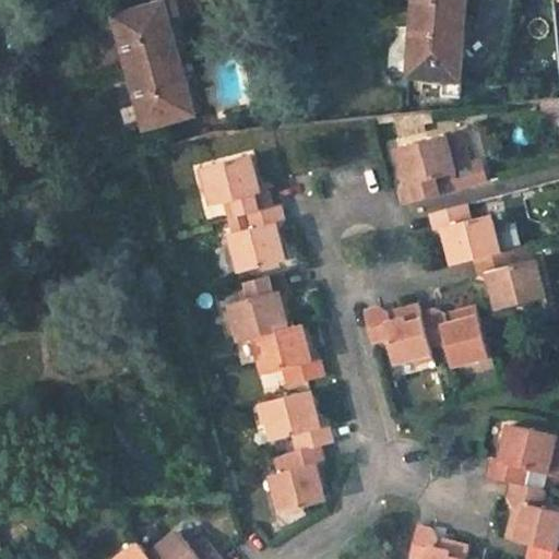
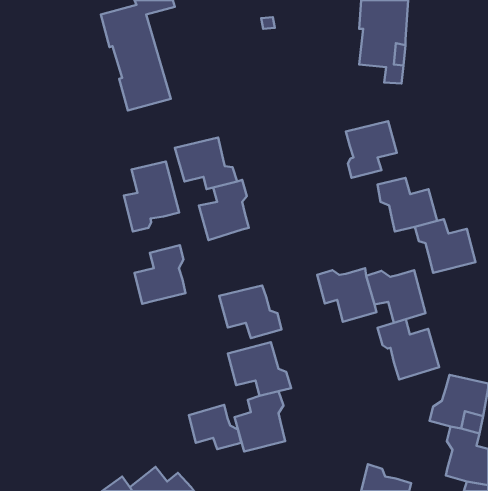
building: none -> [124,161,179,232]
building: [227,273,285,340] -> [135,245,186,304]
building: none -> [378,319,439,380]
building: none -> [189,405,241,449]

